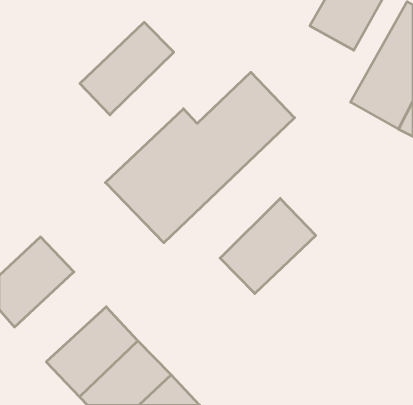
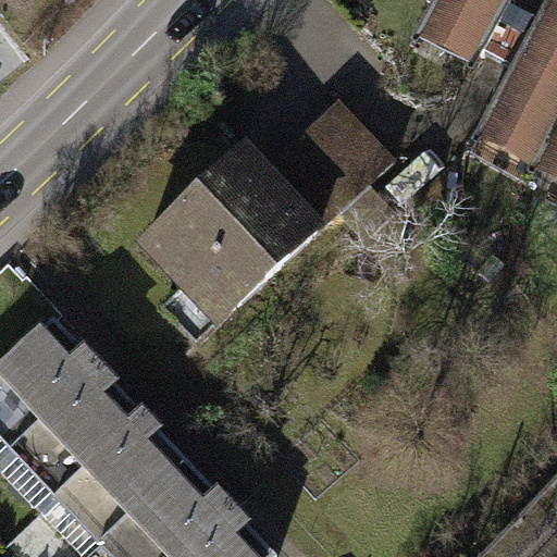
building: [80,22,174,115] -> none
building: [220,198,316,294] -> none
building: none -> [20,364,143,485]

